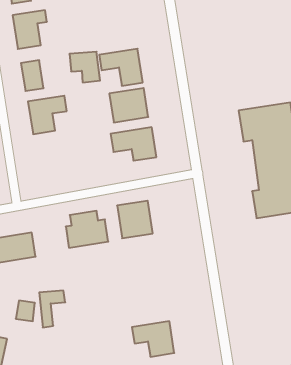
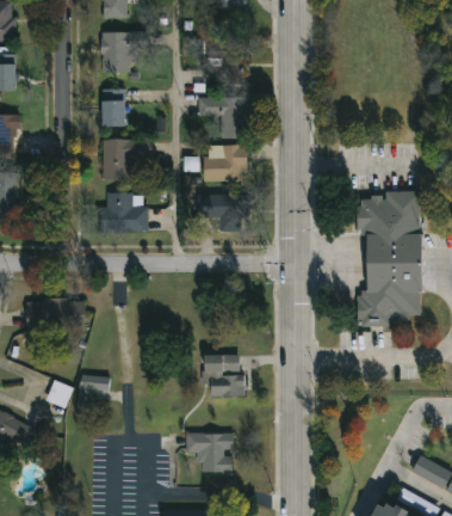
building: [69,52,100,82] -> [209,41,243,79]
building: [117,201,153,238] -> [204,356,242,397]
building: [66,211,108,248] -> [99,193,148,233]

